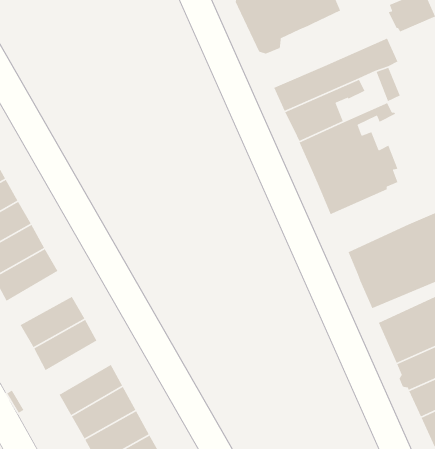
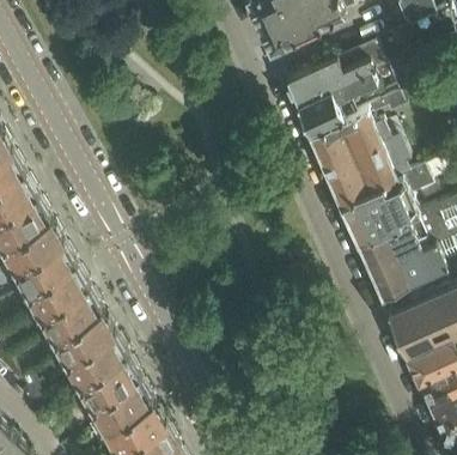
building: none -> [341,174,431,248]
building: none -> [23,267,87,320]
building: none -> [61,335,126,388]

